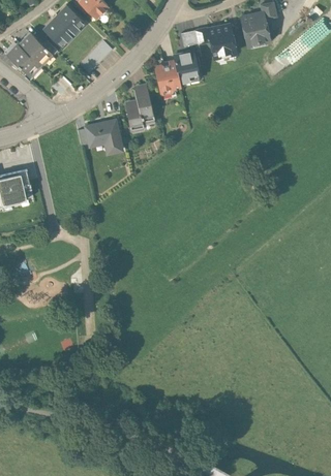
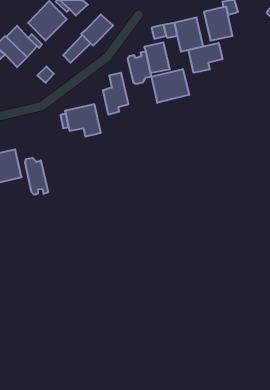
building: none -> [81,14,113,46]
building: none -> [189,43,222,73]
building: none -> [152,69,189,103]
building: none -> [25,158,48,195]

